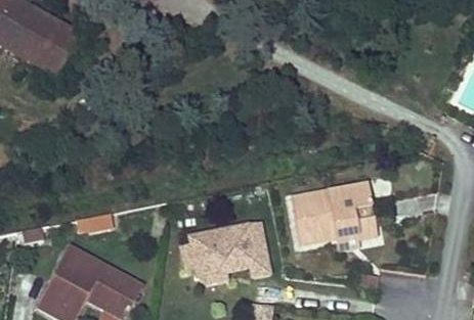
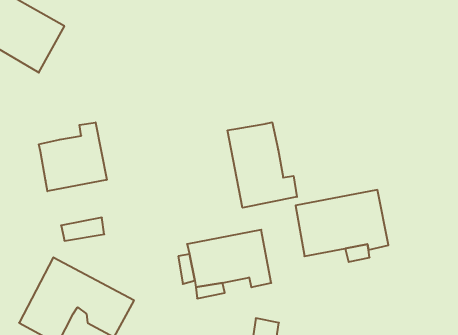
building: none -> [228,122,297,208]
building: none -> [39,122,107,191]

